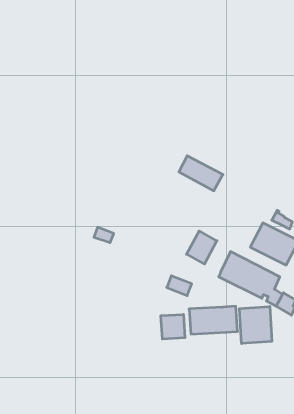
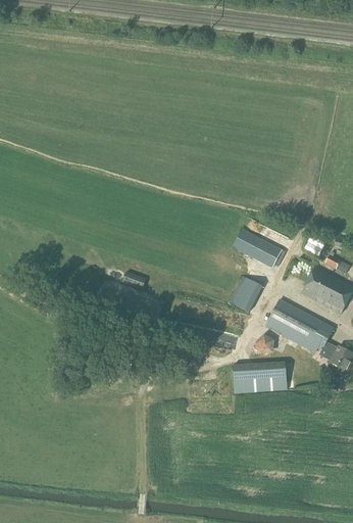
building: [179,156,223,191] -> [233,228,283,268]
building: [239,306,272,344] -> none
building: [161,314,185,339] -> none

